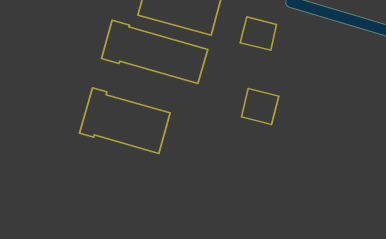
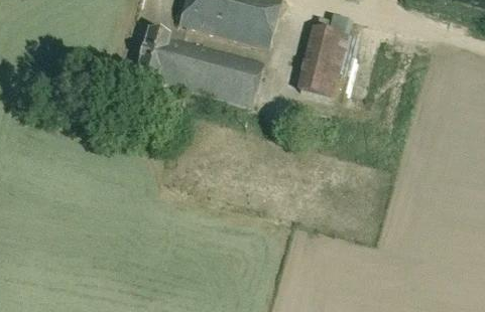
building: [80,88,170,154] -> none
building: [241,89,279,124] -> [294,58,340,102]

